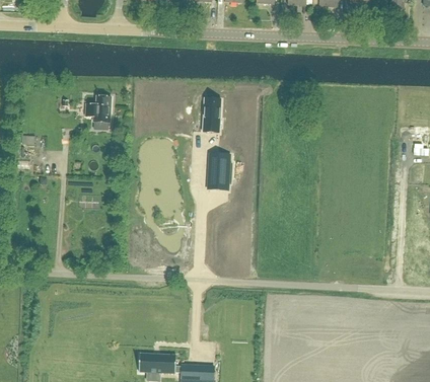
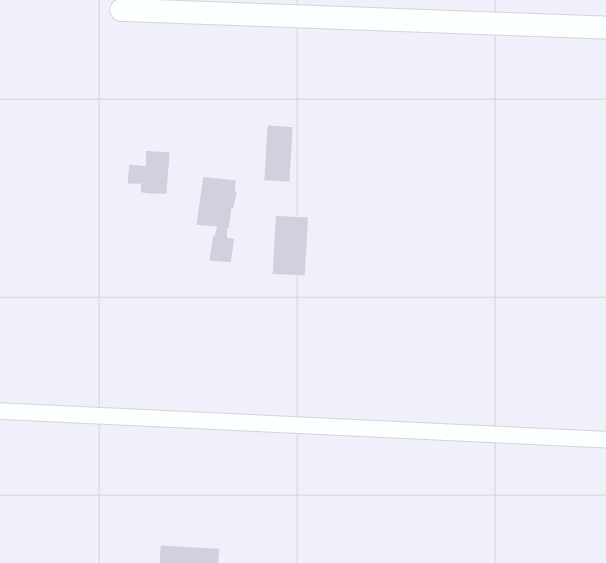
building: [84,95,111,122] -> [127,151,170,194]
building: none -> [196,176,237,263]

